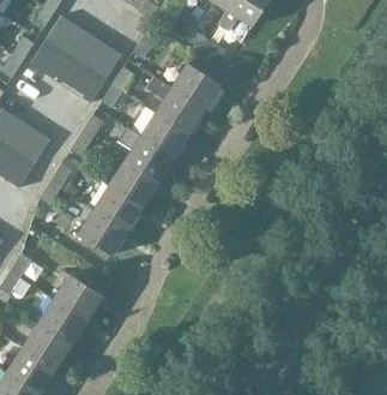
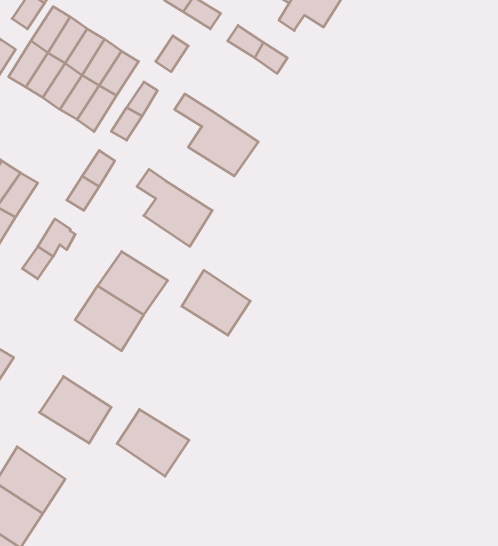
building: [173,64,220,109] -> none
building: [140,113,188,157] -> none
building: [109,161,157,207] -> [182,270,250,335]
building: [36,299,86,346] -> [117,409,189,476]

